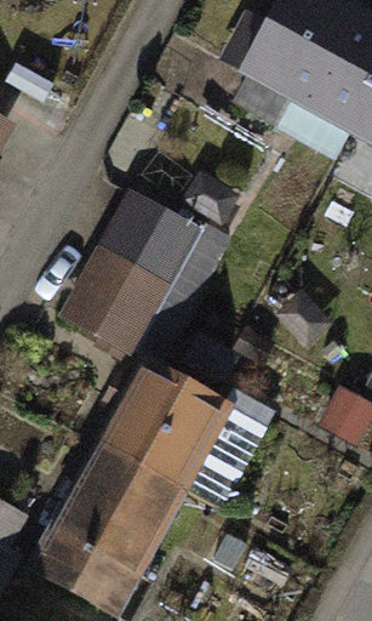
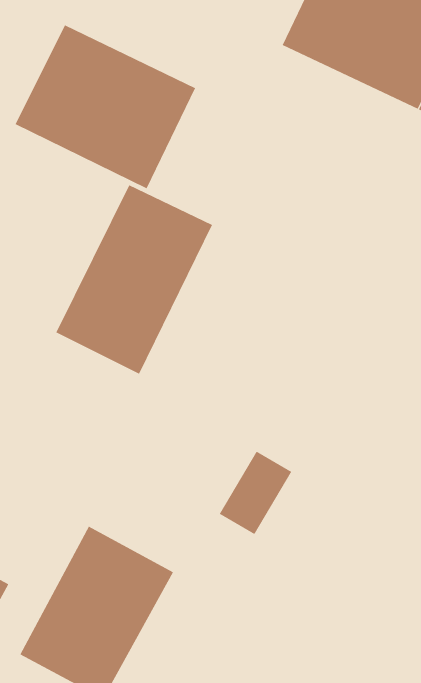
building: none -> [15,24,196,189]
building: [90,368,216,508] -> none

